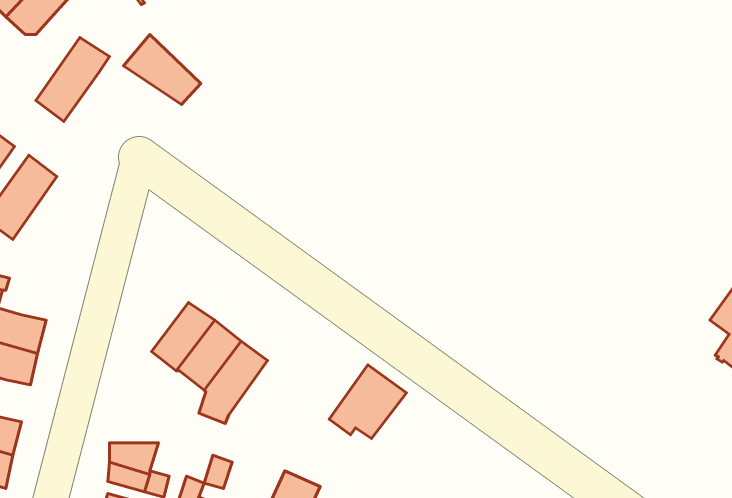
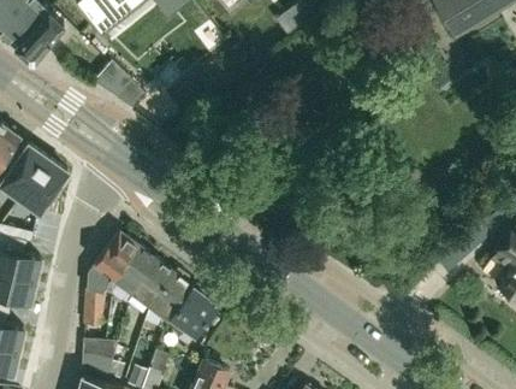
building: [36,37,110,122] -> [17,159,67,217]
building: none -> [83,231,137,324]
building: [329,365,407,438] -> [165,285,218,336]

